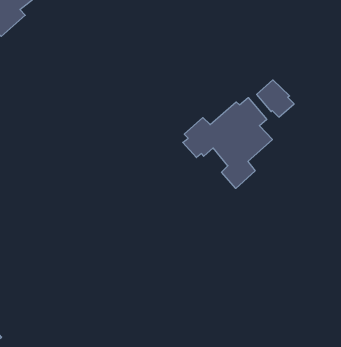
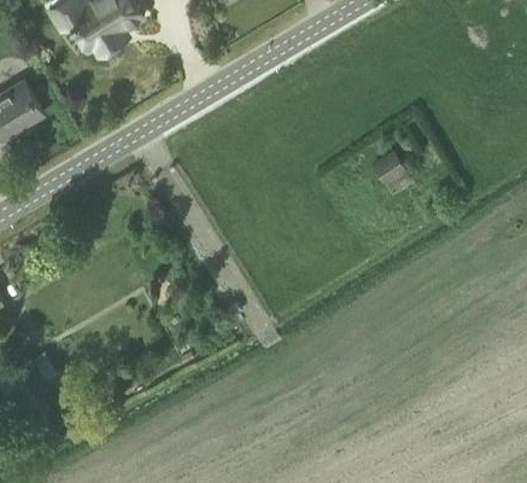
building: [183,98,272,188] -> none

